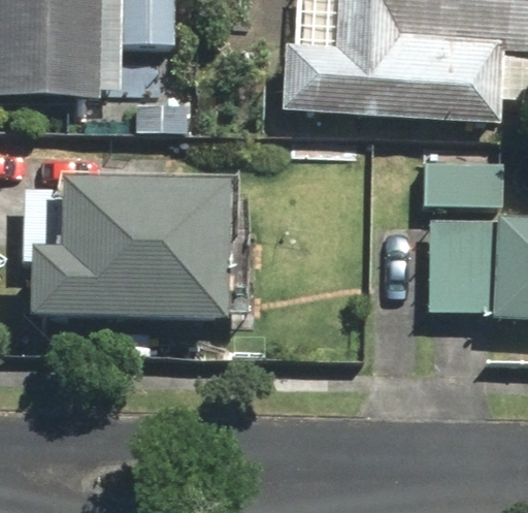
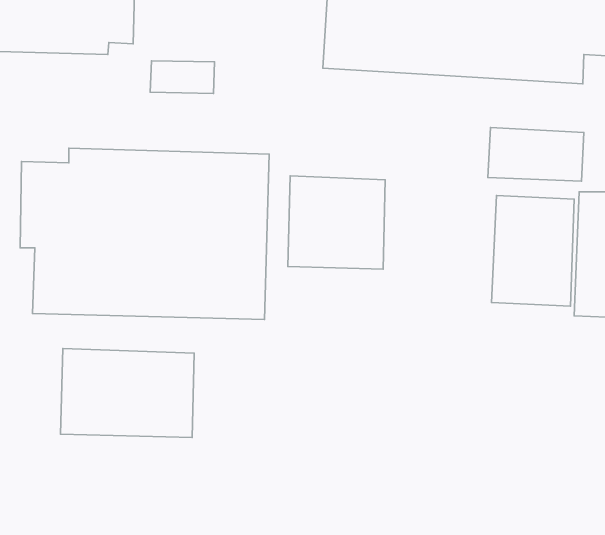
building: none -> [288,176,385,269]
building: none -> [61,348,194,438]

